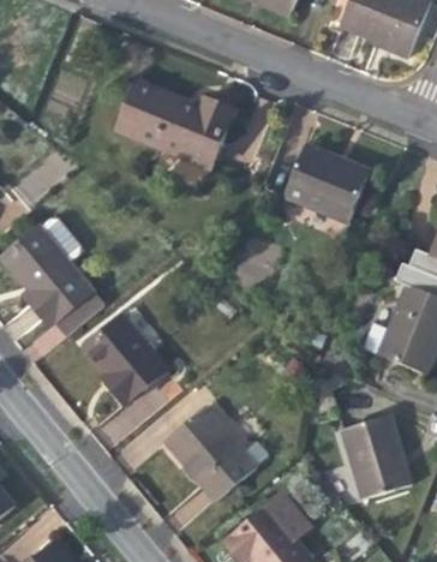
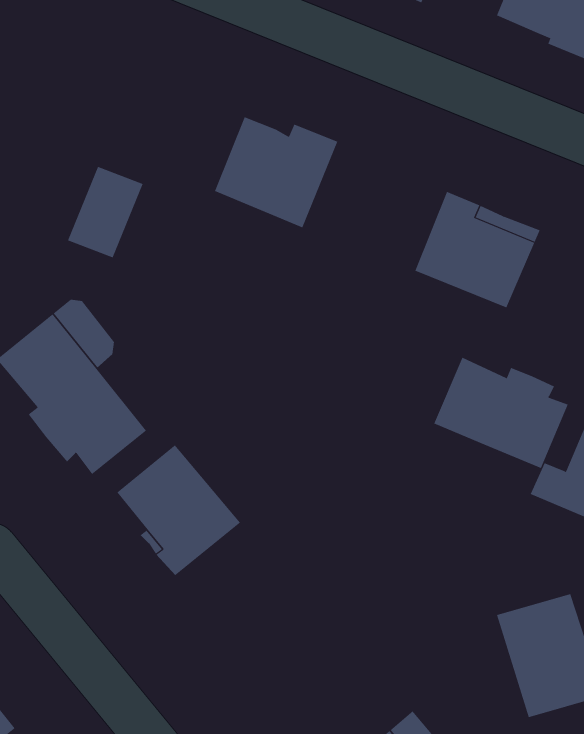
building: [118,80,169,143] -> [67,166,143,258]
building: [229,233,279,286] -> none
building: none -> [434,357,569,469]
building: [162,406,257,503] -> none

